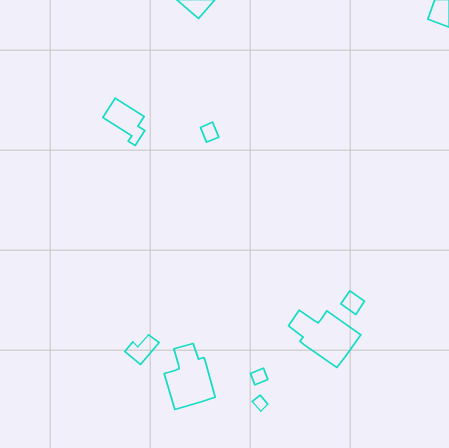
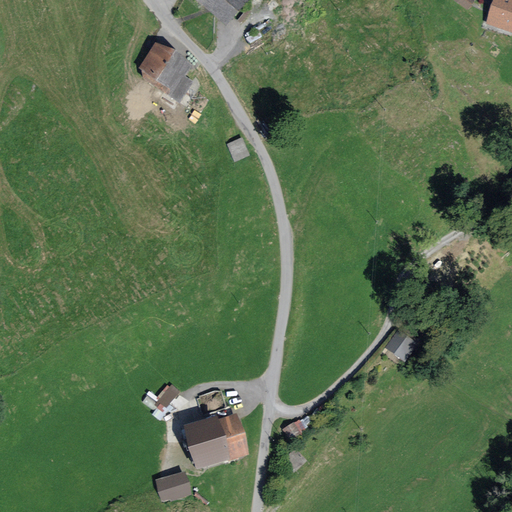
building: [103,98,145,145] -> [143,44,191,98]
building: [288,310,361,367] -> none
building: none -> [155,475,189,504]

